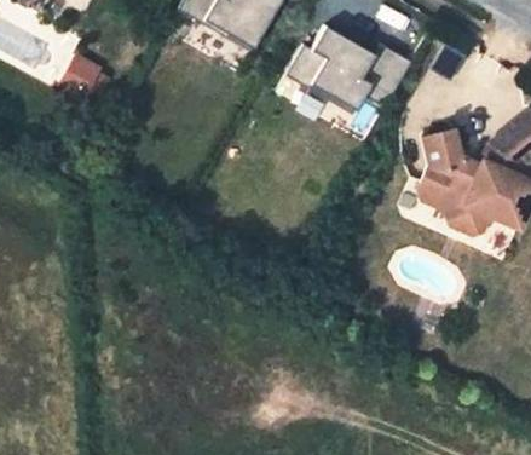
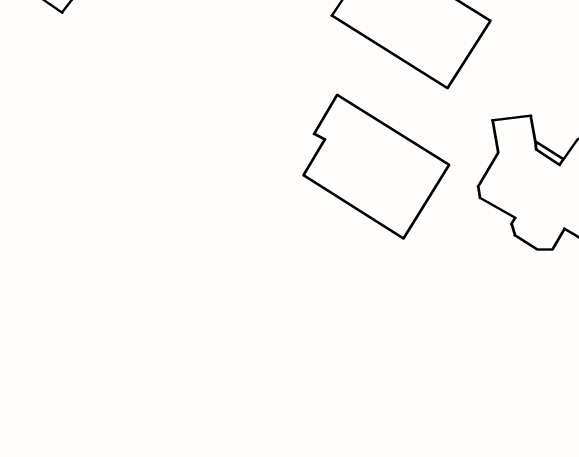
building: none -> [304,95,449,238]

